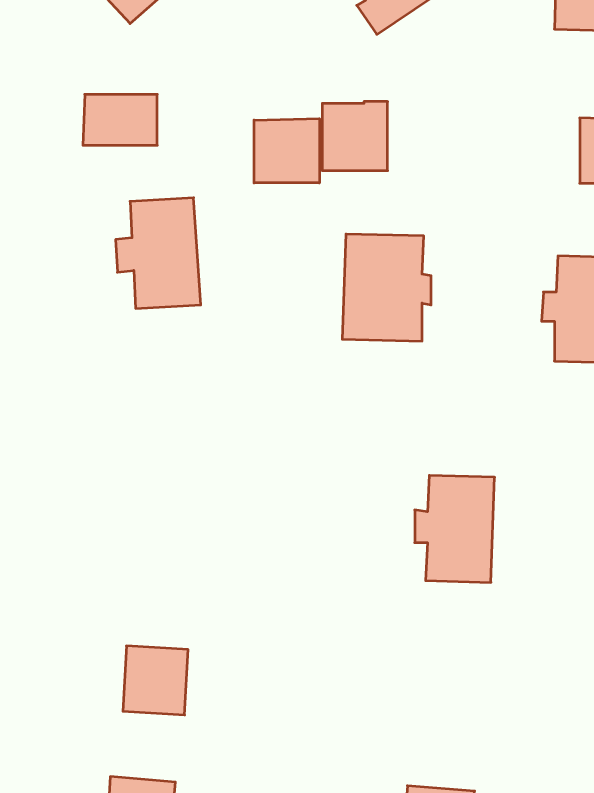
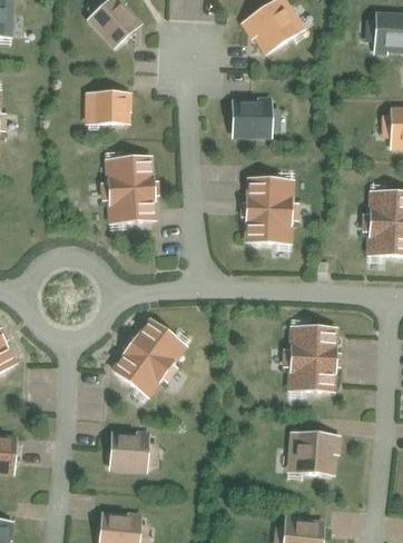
building: [254,119,319,183] -> none
building: none -> [110,317,180,392]
building: none -> [295,432,337,474]

